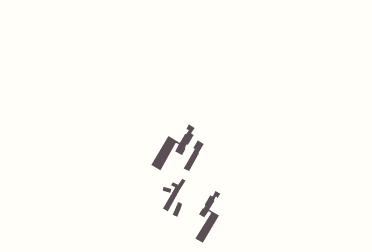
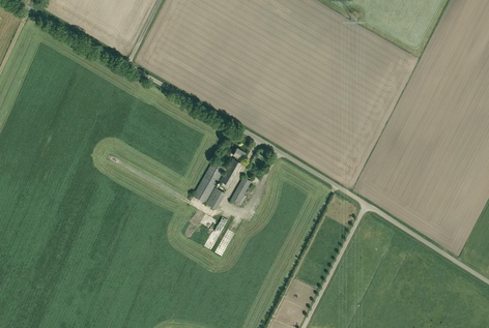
building: [194,190,221,244] -> none

